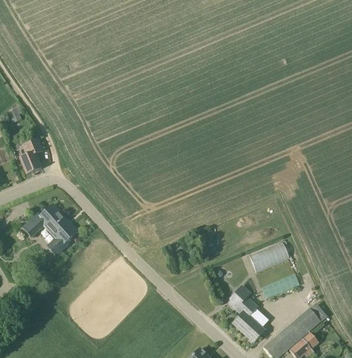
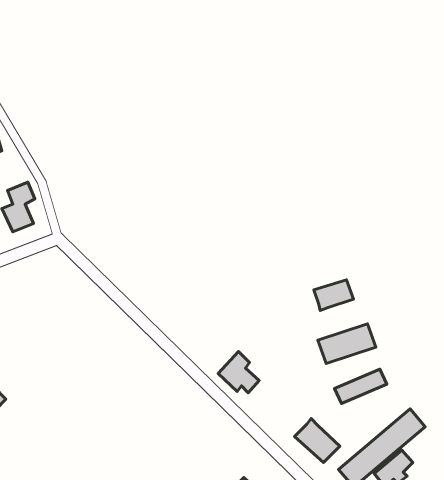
building: [23,203,75,254] -> none
building: none -> [314,280,354,310]
building: [227,284,257,314] -> [218,352,259,393]

